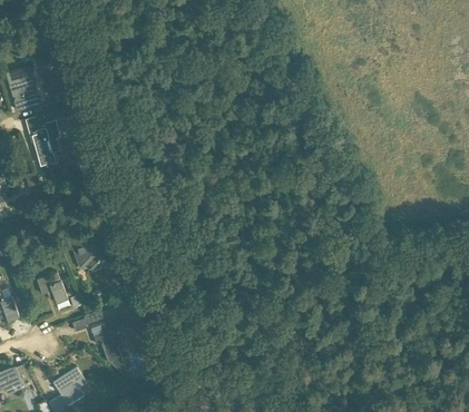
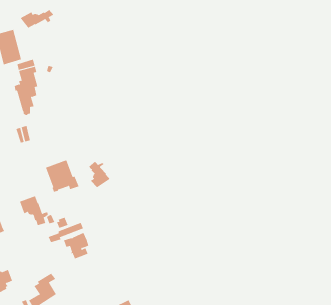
building: none -> [20,9,54,29]
building: none -> [88,161,110,188]

